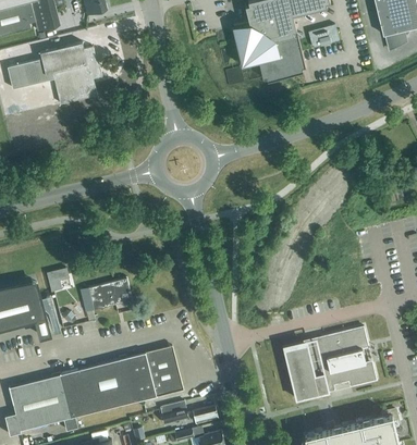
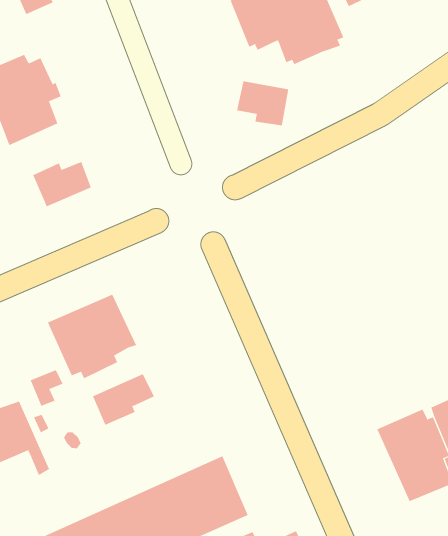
building: none -> [237,81,289,126]
building: none -> [32,161,92,207]
building: none -> [47,294,137,379]

